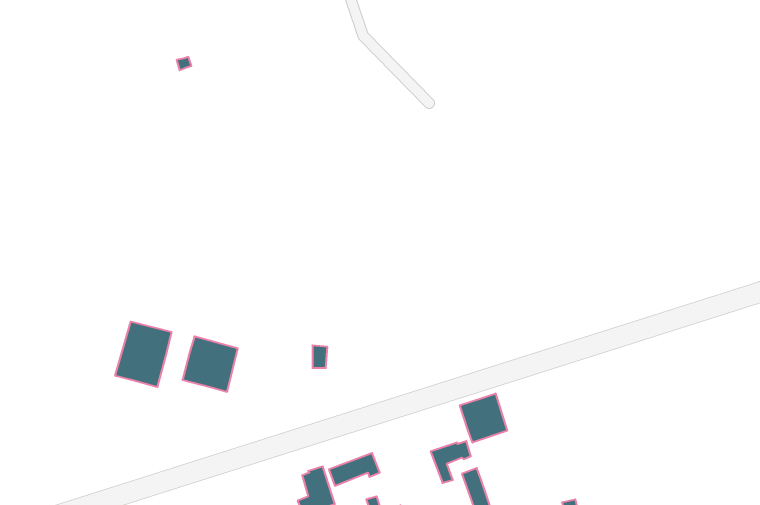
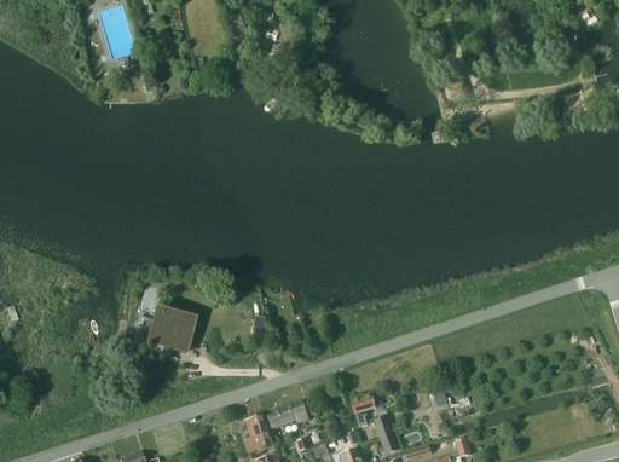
building: [115,322,172,387] -> none
building: [460,393,507,443] -> none

